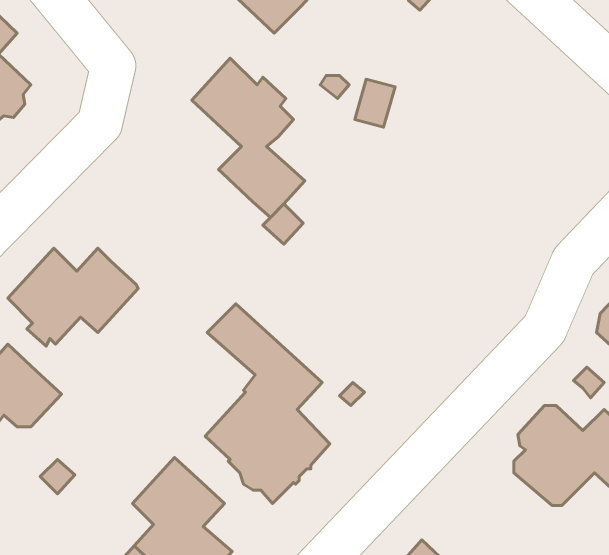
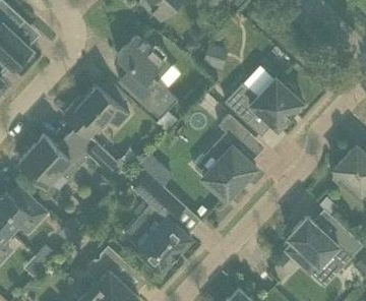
building: none -> [225,66,302,129]
building: none -> [63,85,129,173]
building: none -> [202,114,255,199]

